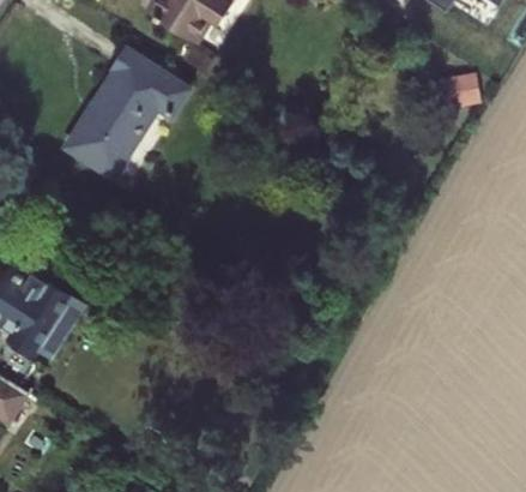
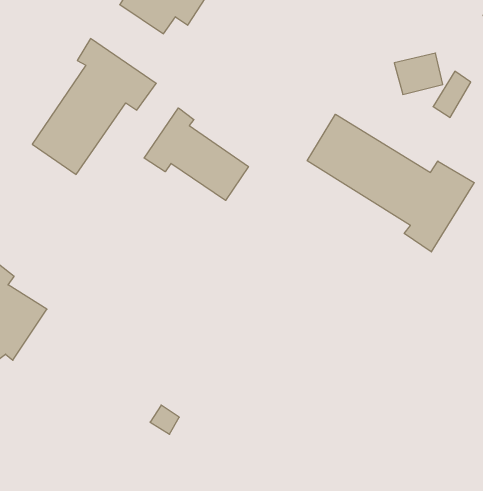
building: none -> [144,108,248,200]
building: none -> [307,114,474,252]

